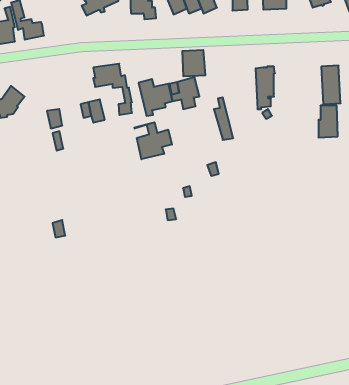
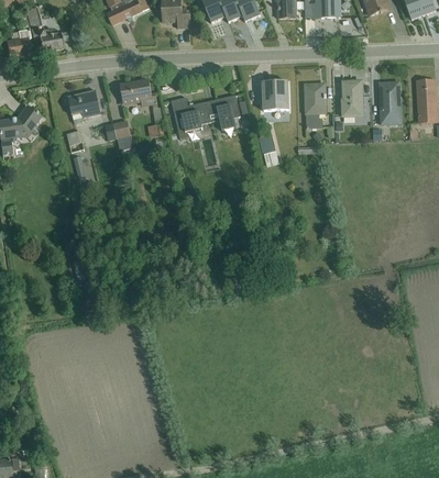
building: [182,50,205,76] -> [262,81,288,111]
building: none -> [67,90,100,123]
building: [318,106,338,137] -> [340,81,362,118]
building: [134,122,172,159] -> none

